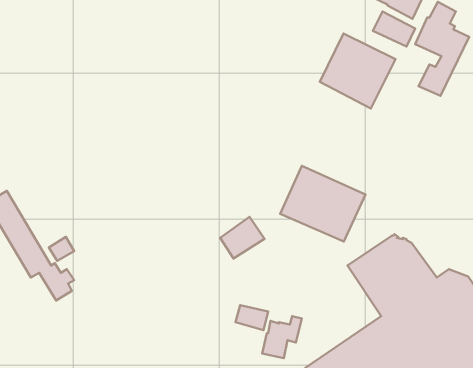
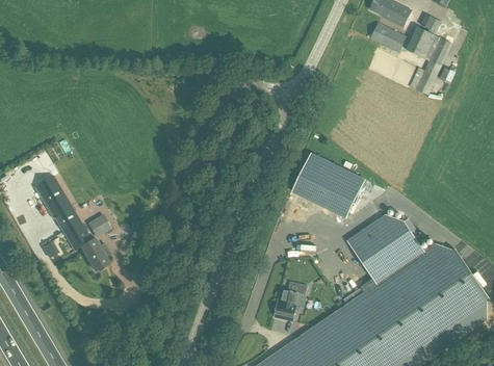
building: [320,33,395,108] -> none
building: [220,217,265,258] -> none
building: [236,305,268,330] -> none

